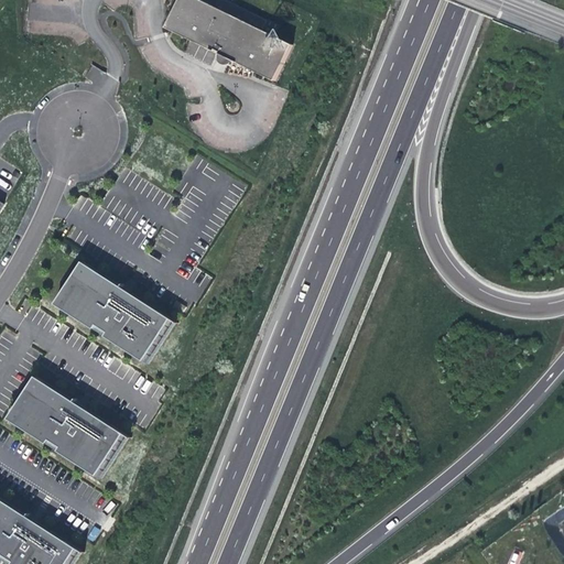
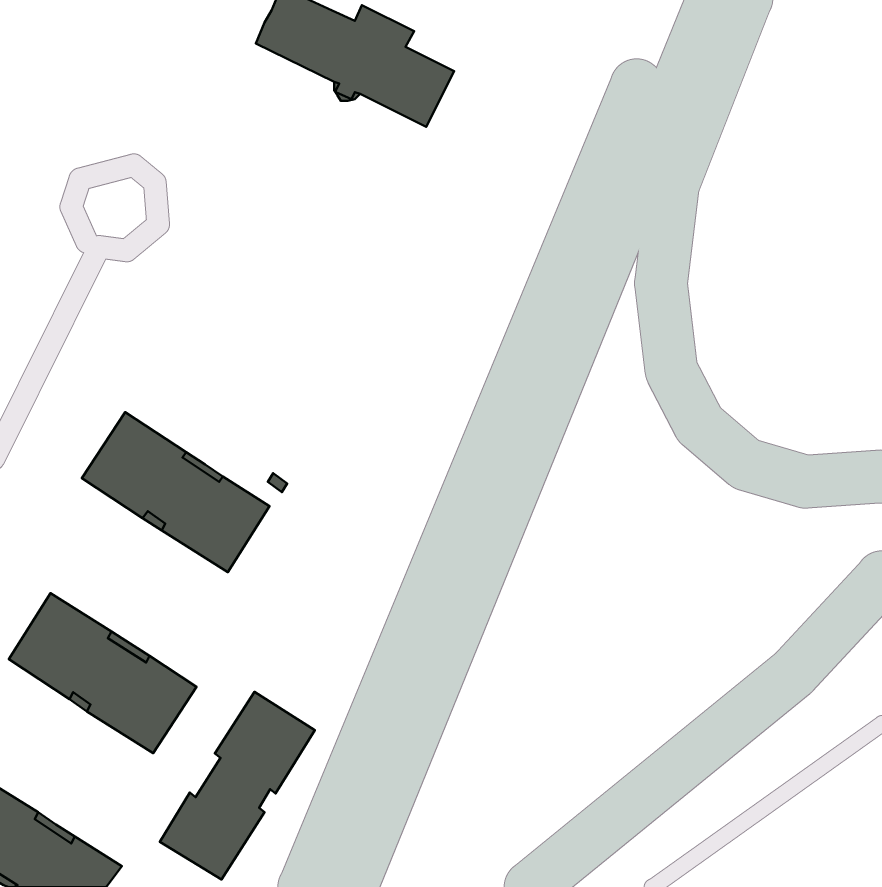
building: none -> [160,692,315,880]

